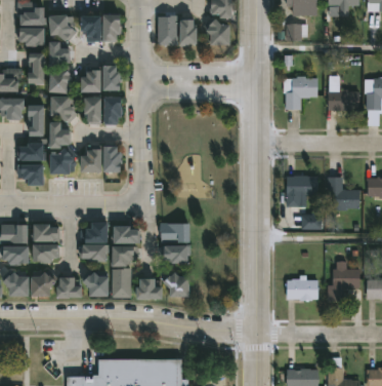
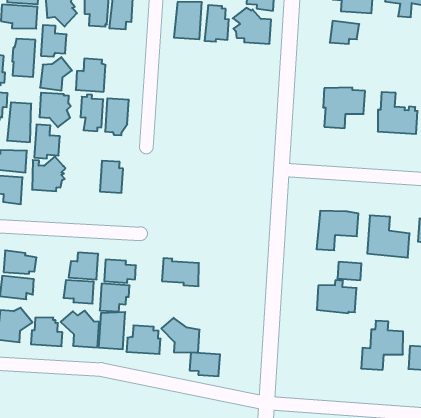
building: [104,64,123,91] -> none
building: [84,146,104,173] -> none
building: [164,246,187,264] -> [190,353,220,376]
building: [283,275,313,301] -> [317,280,357,313]

